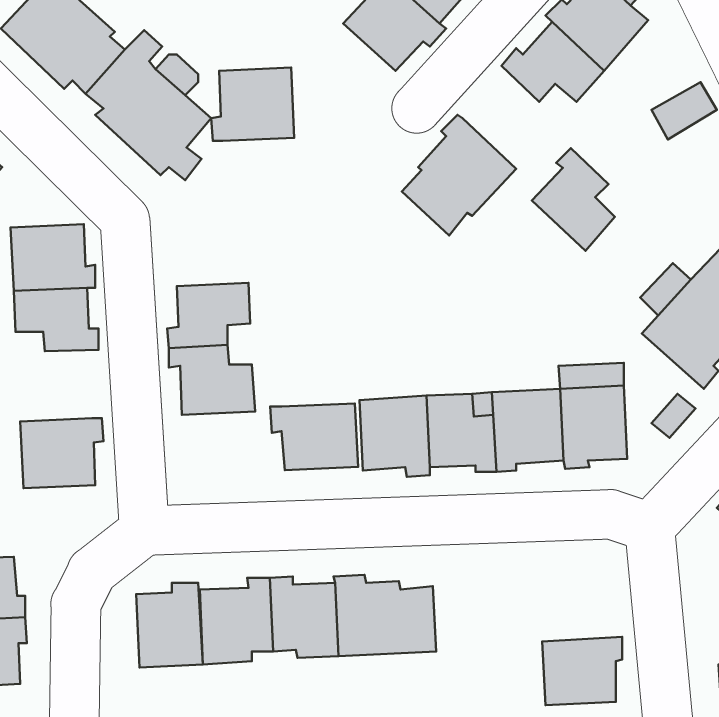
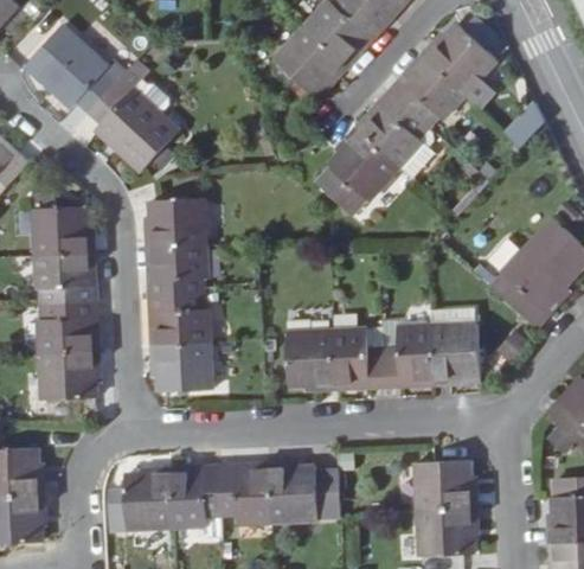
building: [211,68,294,141] -> [145,199,205,252]
building: [532,148,615,251] -> [360,92,421,167]
building: none -> [38,299,97,351]
building: [270,403,358,470] -> [148,344,212,392]
building: none -> [416,461,476,511]

